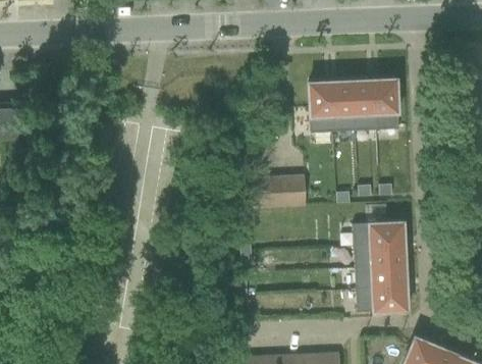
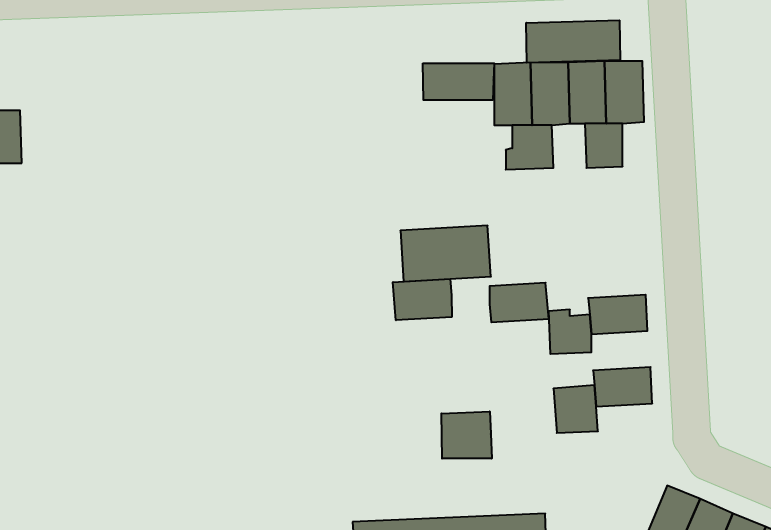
building: none -> [526,20,620,63]
building: none -> [423,63,494,100]
building: none -> [393,279,452,320]
building: [369,240,406,264] -> [490,283,549,322]
building: [372,284,409,310] -> none
building: none -> [441,411,492,459]

